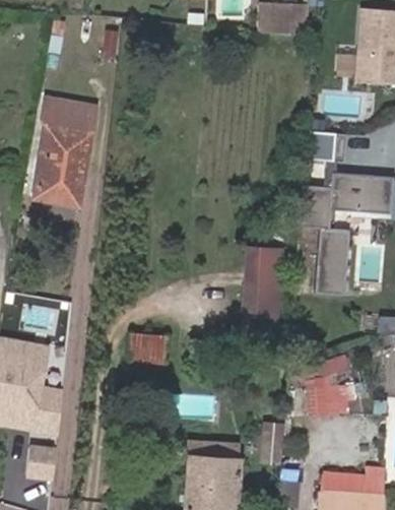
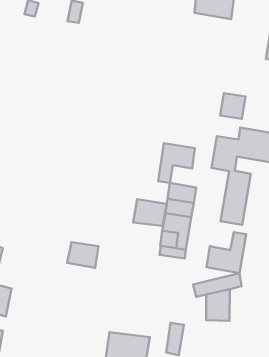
building: [34,99,94,206] -> none
building: none -> [158,143,195,183]
building: none -> [133,199,167,226]
building: none -> [207,232,246,273]

